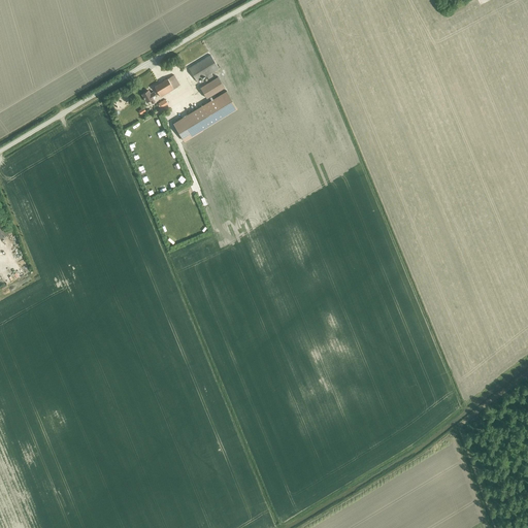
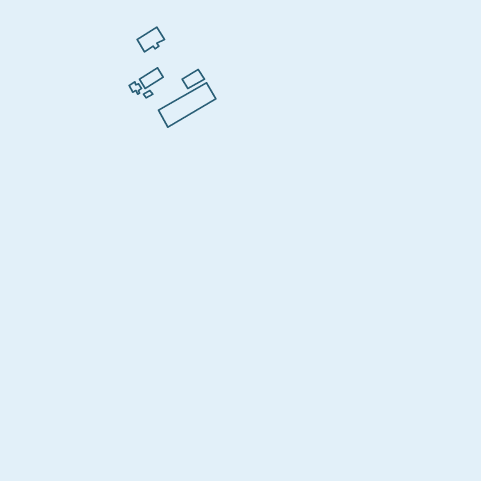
building: [188,55,218,81] -> [137,27,164,52]

